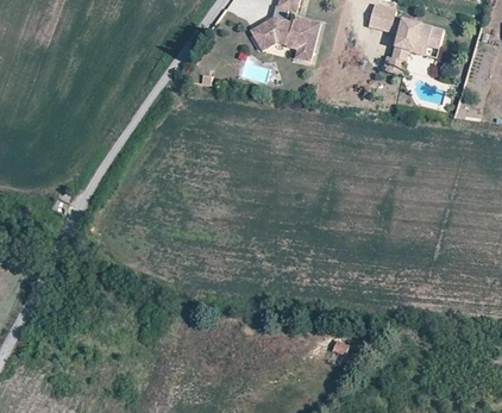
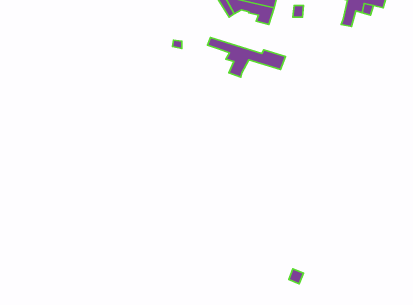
building: none -> [207,37,286,77]

